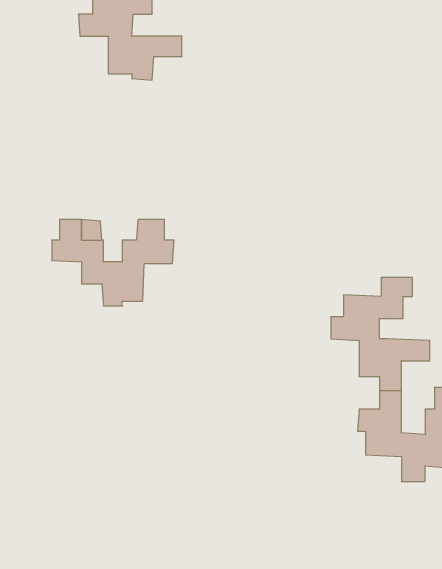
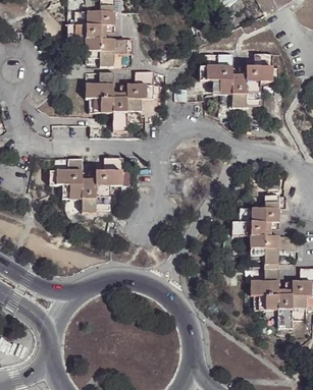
building: none -> [200,51,278,108]
building: none -> [86,70,161,131]

